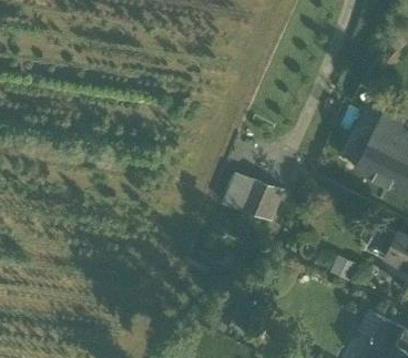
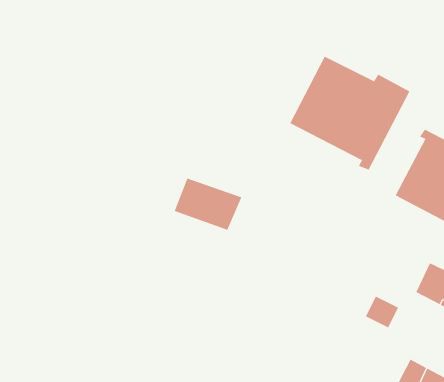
building: none -> [290,56,410,171]
building: [224,175,283,221] -> [174,178,242,231]

